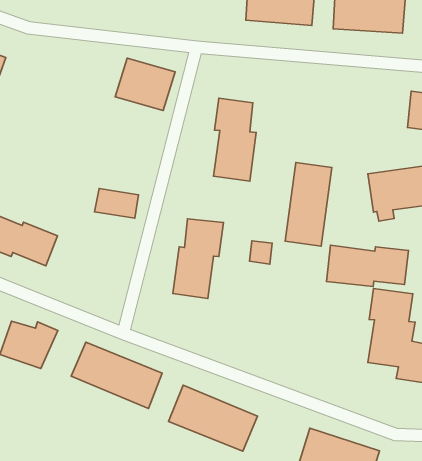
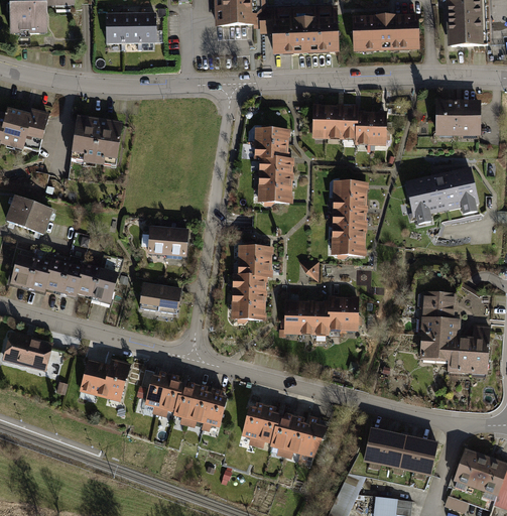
building: [115,58,175,111] -> [72,117,125,162]
building: none -> [312,106,385,146]
building: [326,245,408,286] -> [284,296,358,334]
building: none -> [141,283,182,308]

